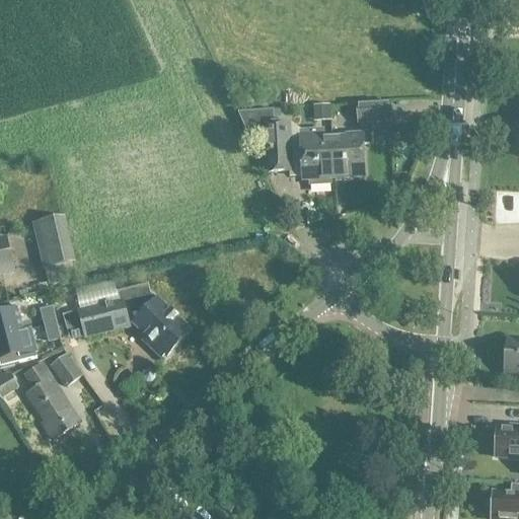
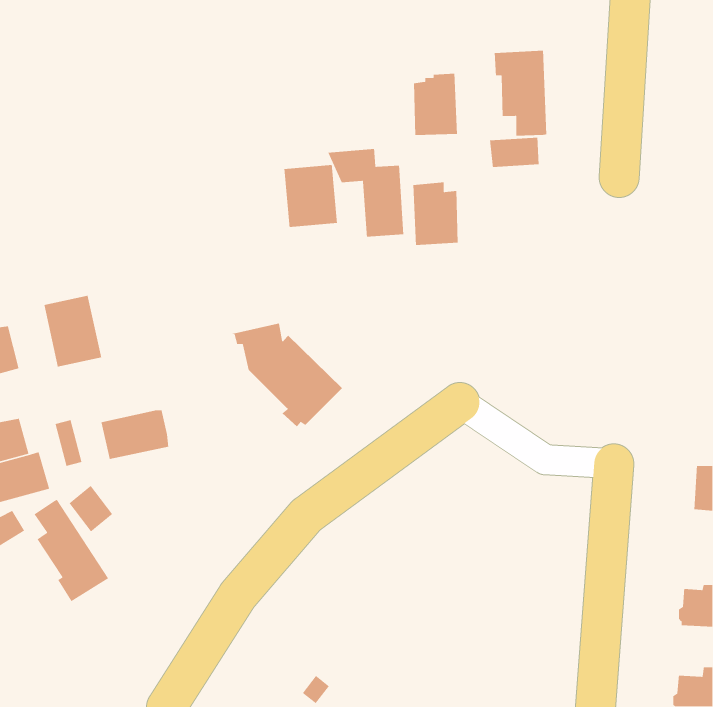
building: none -> [494,50,547,136]
building: none -> [284,164,338,228]
building: [331,131,364,176] -> [413,73,458,136]
building: [109,281,191,357] -> [231,322,343,427]

